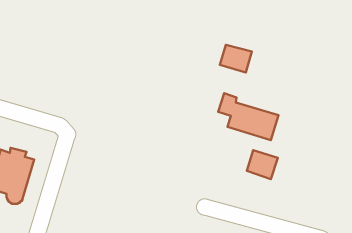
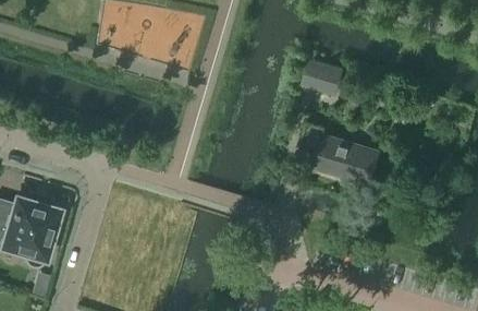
building: [247,150,278,179] -> none

